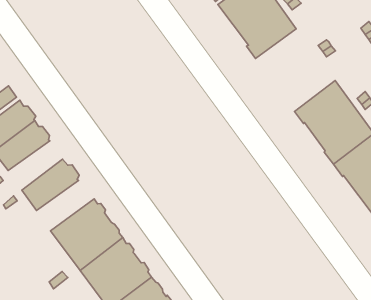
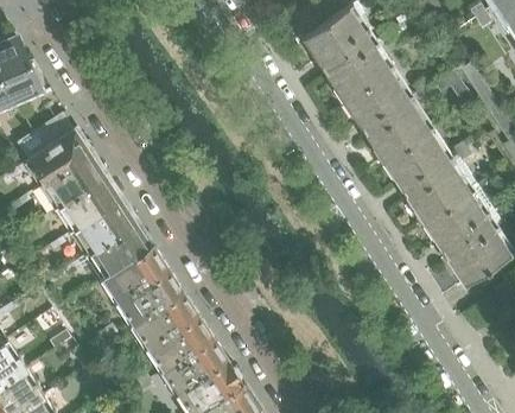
building: none -> [341,69,428,161]
building: none -> [56,179,120,233]
building: none -> [63,225,151,280]

